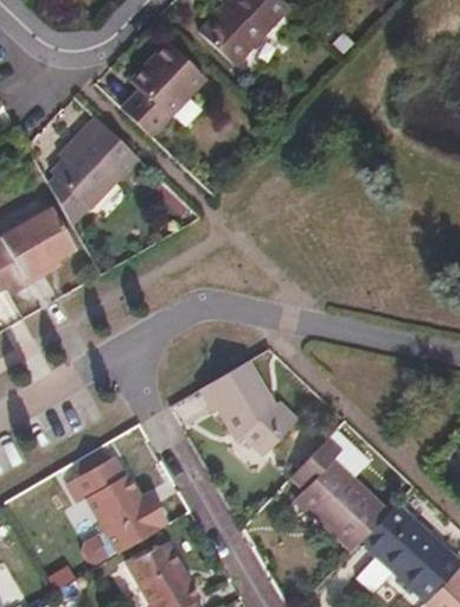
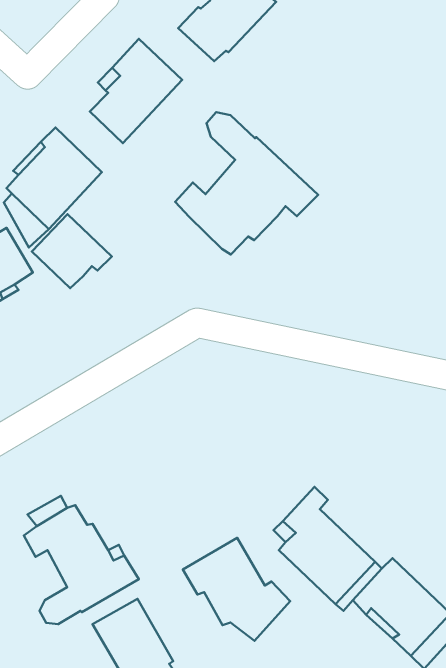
building: none -> [175,112,318,255]
building: none -> [32,214,112,288]
building: [199,362,295,454] -> [183,538,290,641]

